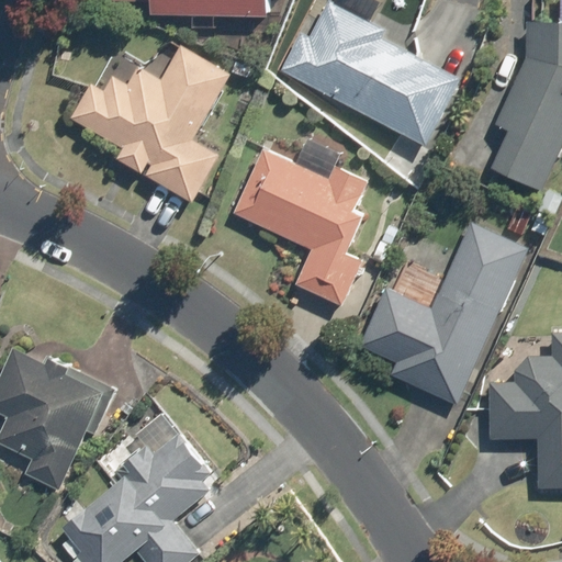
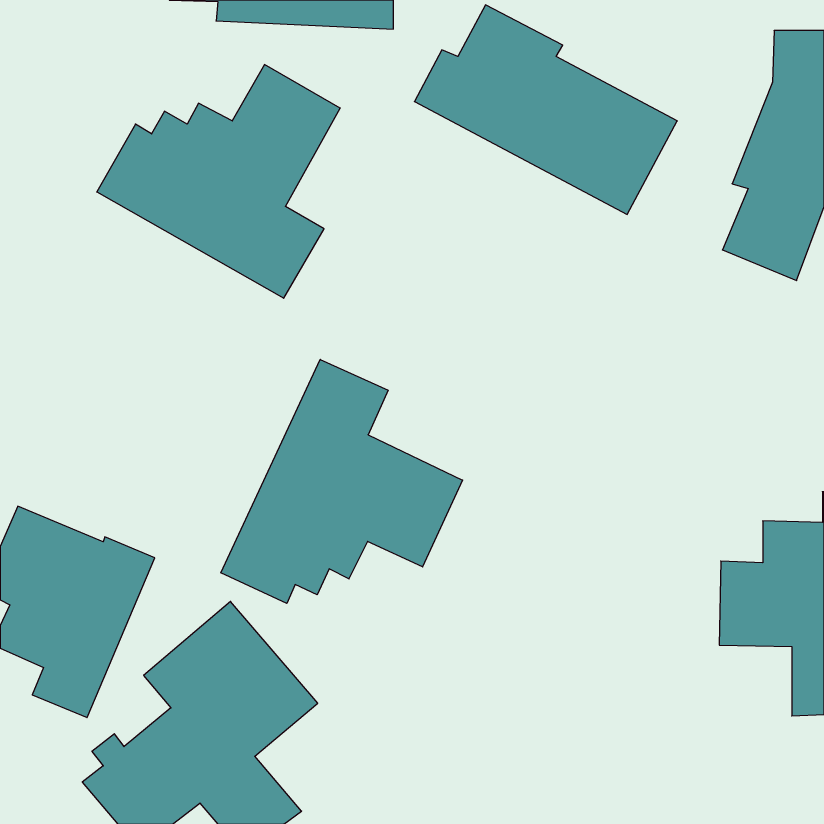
building: [235,149,369,307] -> none
building: [361,223,528,405] -> none
building: none -> [221,359,463,603]

